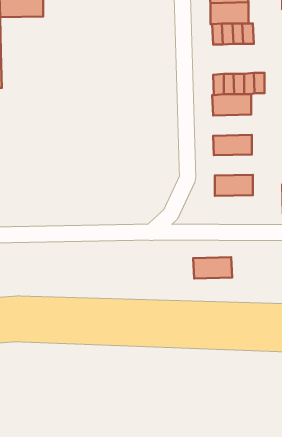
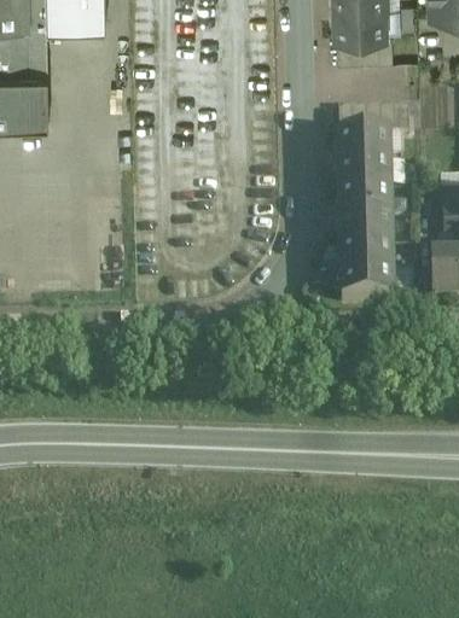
building: none -> [337,158,390,187]
building: none -> [338,212,391,241]
building: [193,257,232,278] -> [339,268,393,297]

